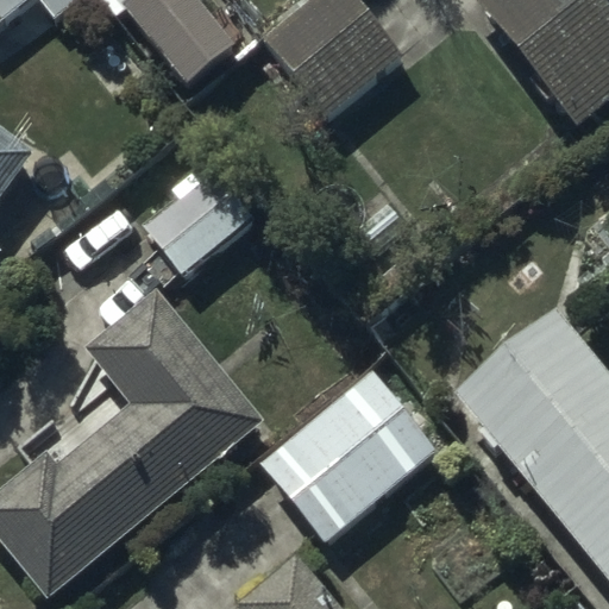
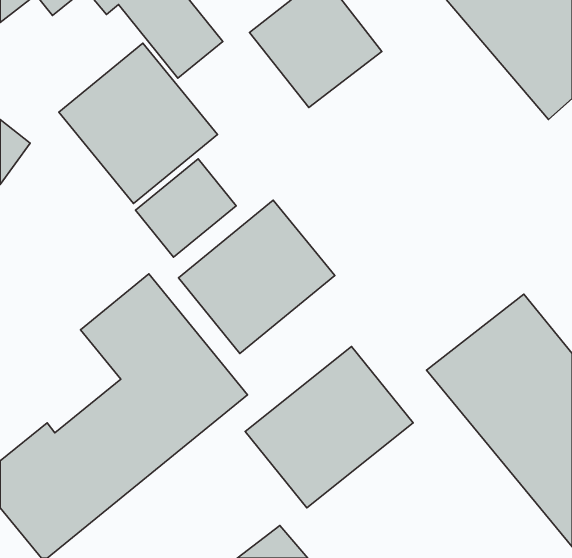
building: none -> [59,43,217,204]
building: none -> [178,200,335,353]

